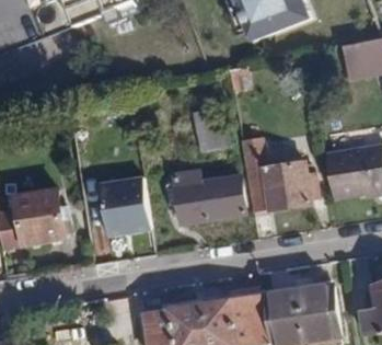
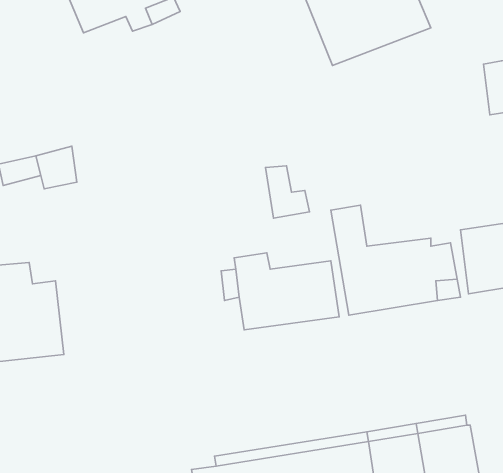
building: [99,180,144,237] -> none

